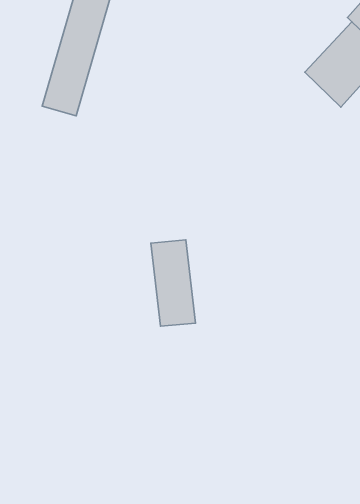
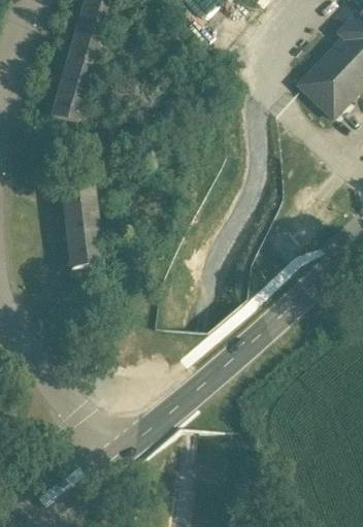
building: [151,240,196,326] -> [61,187,103,268]

